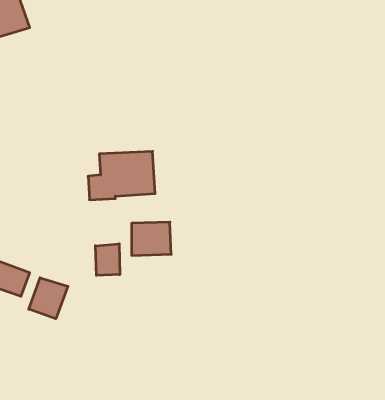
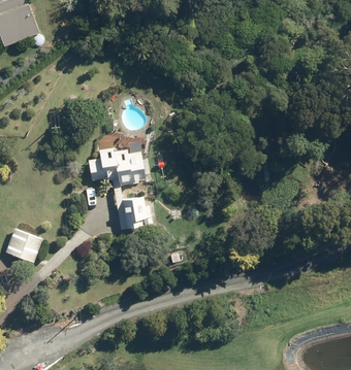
building: [95,244,120,275] -> none
building: [29,278,68,319] -> none

